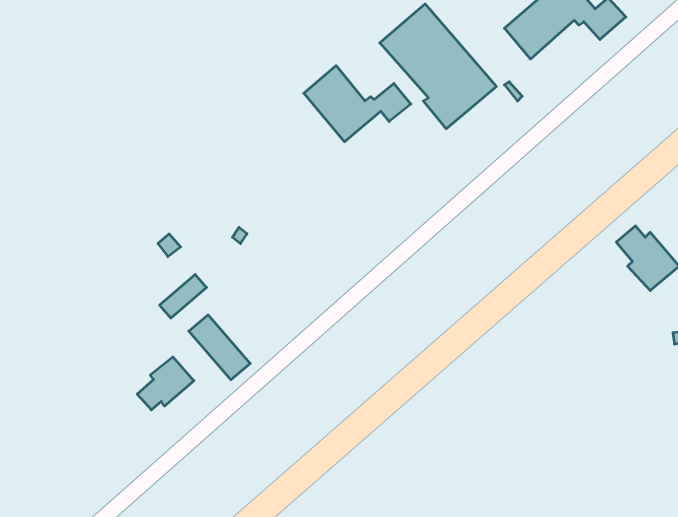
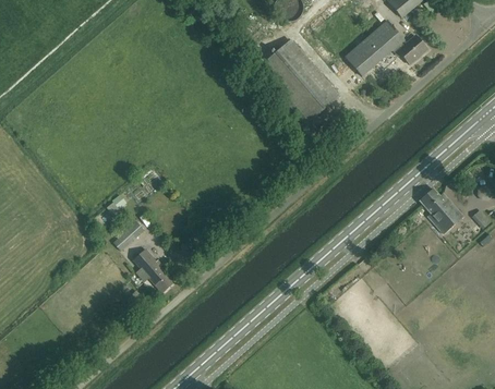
building: [304,66,411,142] -> none
building: [137,357,194,410] -> none

